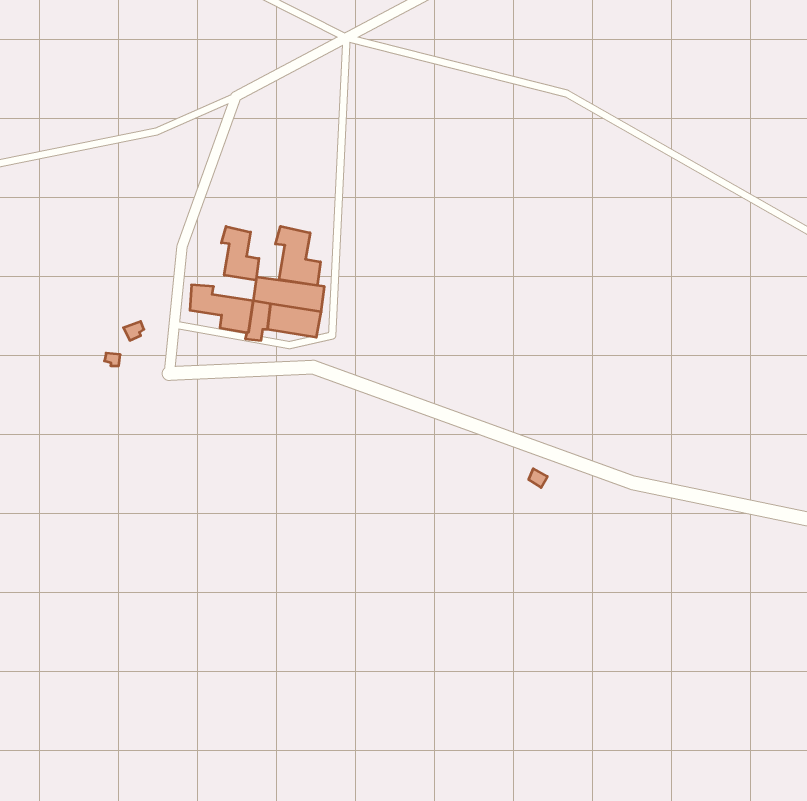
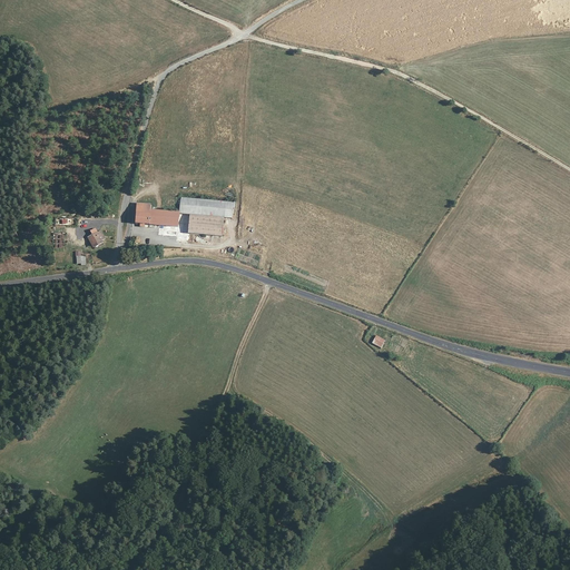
building: [275,226,320,285] -> none
building: [221,226,259,280] -> none

